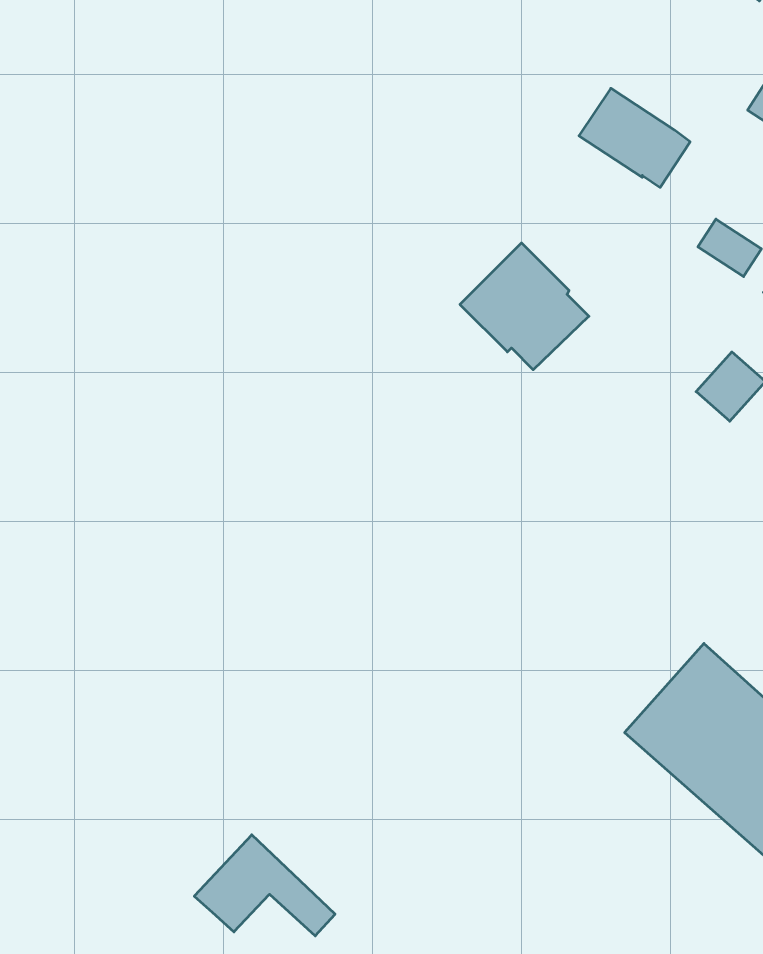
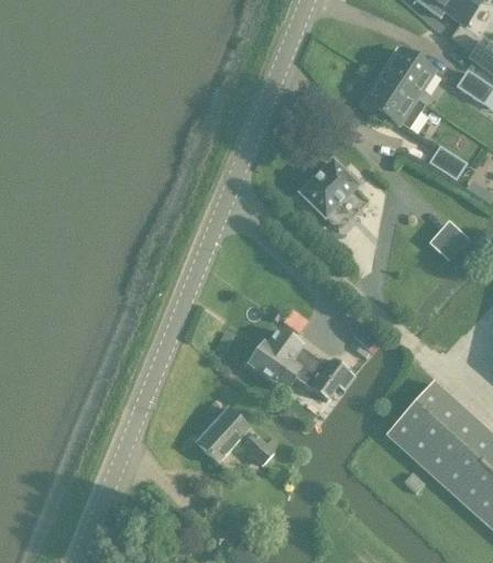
building: none -> [381,47,434,97]
building: none -> [248,329,354,399]
building: [194,835,335,936] -> [195,407,273,463]

